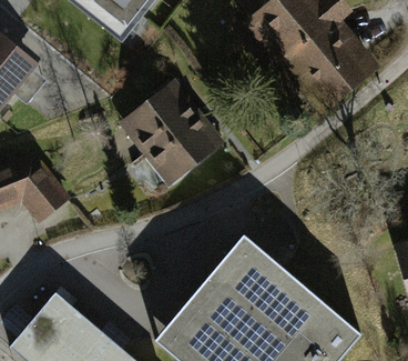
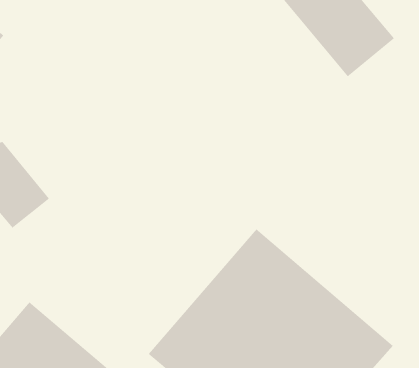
building: [120,89,214,182] -> none

